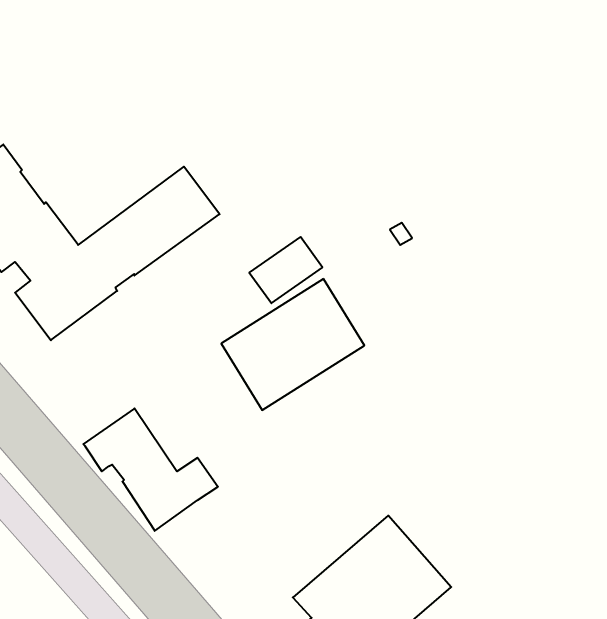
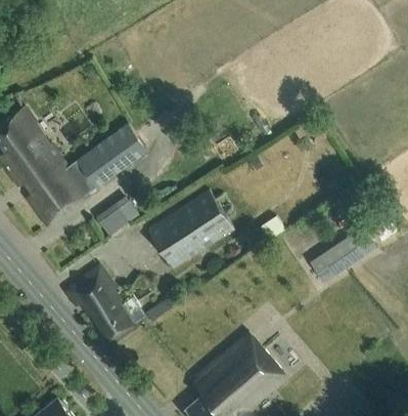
building: [249,237,322,303] -> [104,193,148,233]
building: none -> [311,226,370,282]

